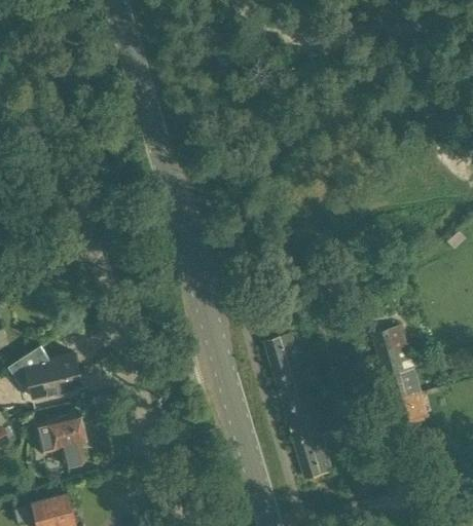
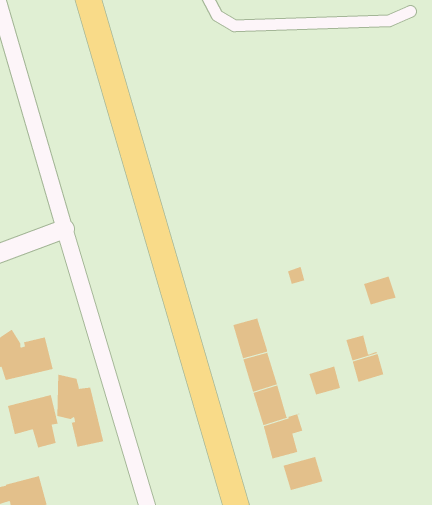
building: [373,327,407,356] -> [363,276,396,305]
building: none -> [57,374,104,447]
building: [393,391,426,421] -> [309,366,341,395]
building: none -> [283,456,323,491]

